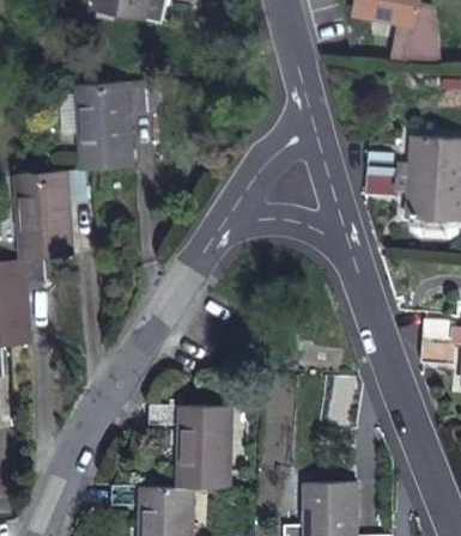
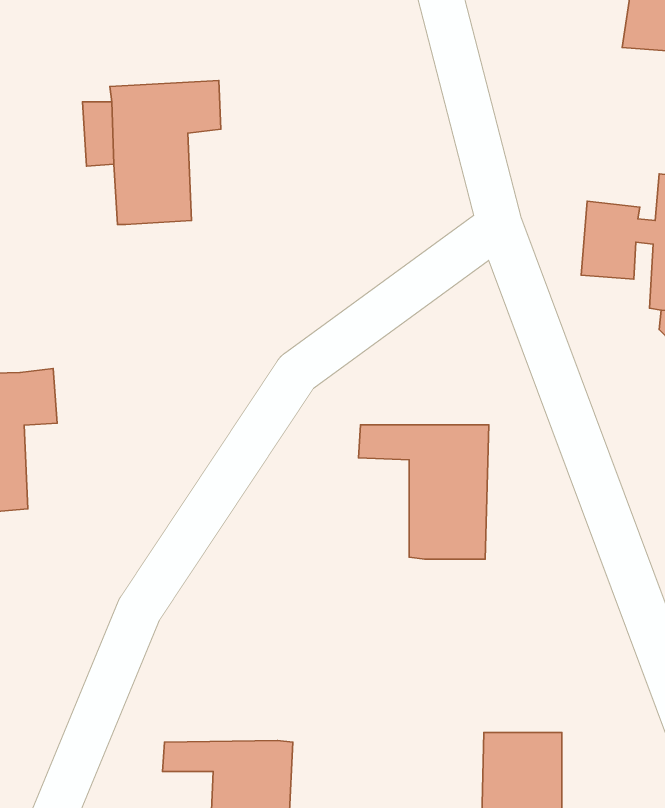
building: [18,169,87,260] -> none
building: [148,404,229,487] -> [358,425,489,559]

